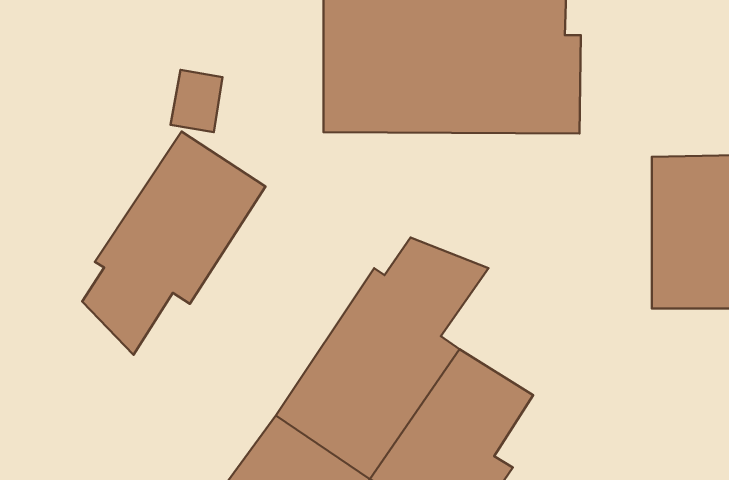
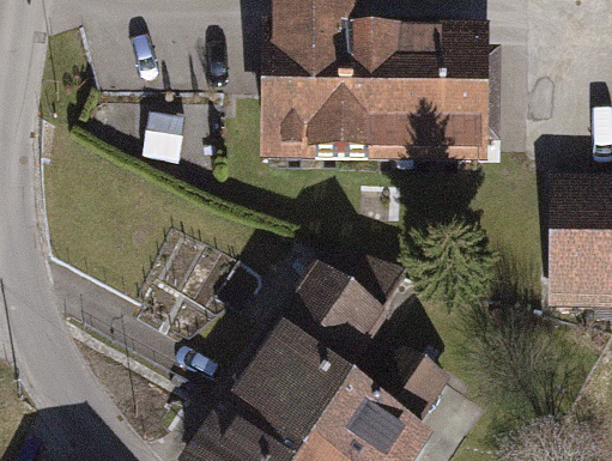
building: [82,131,265,355] -> none

